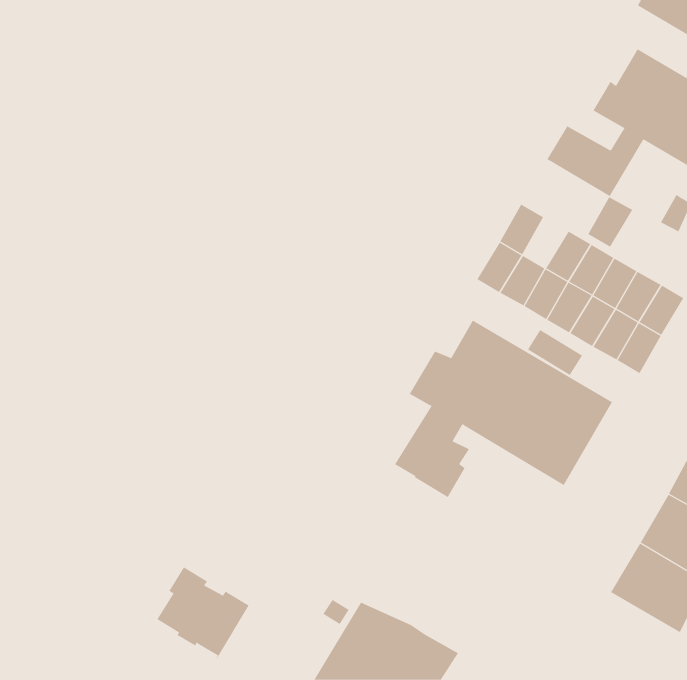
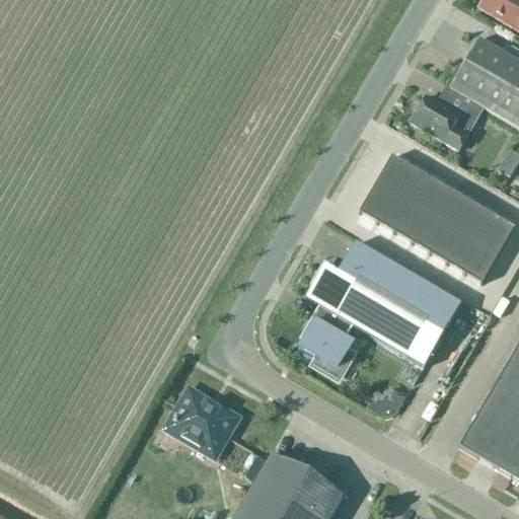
building: [587,196,633,248] -> [394,163,429,202]
building: [527,329,583,376] -> none
building: [156,567,250,660] -> [170,386,240,456]

